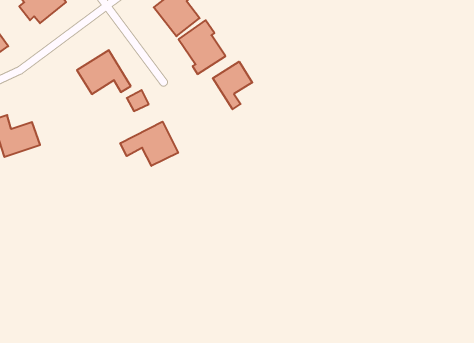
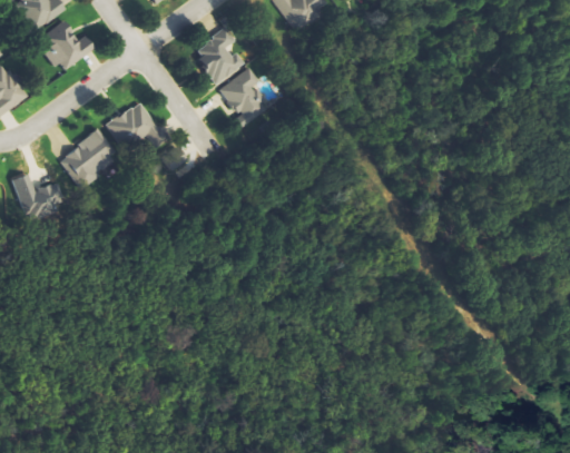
building: [213,62,252,109] -> none
building: none -> [57,130,117,185]
building: [120,122,178,166] -> none

